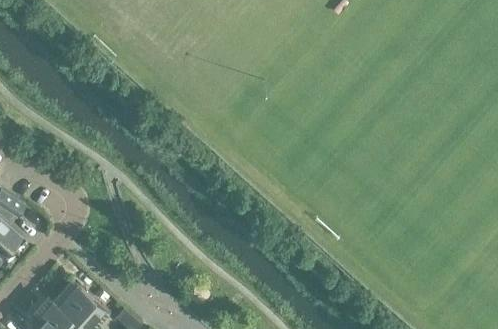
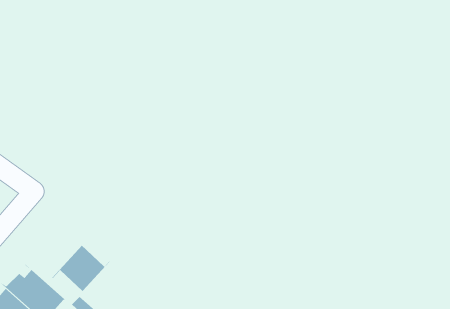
building: none -> [52,245,111,296]

